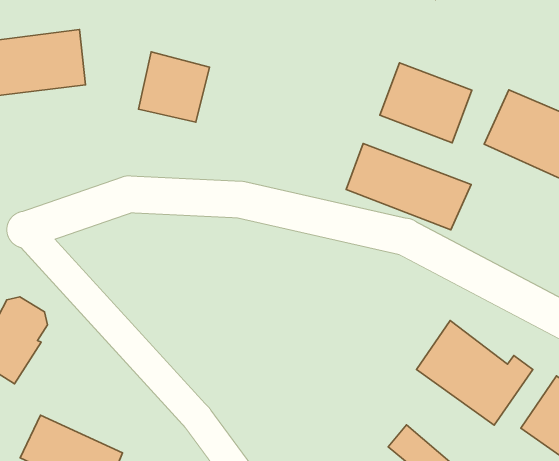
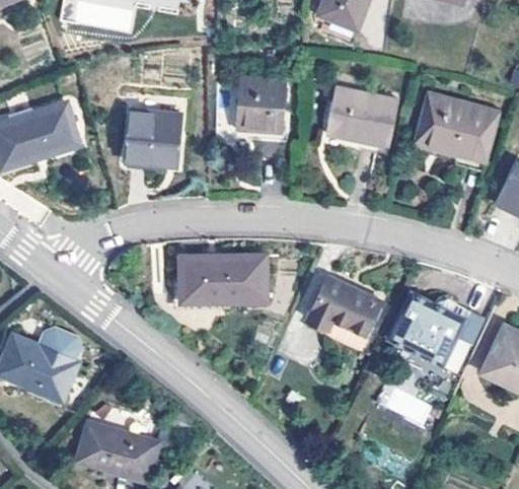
building: none -> [236,79,288,134]
building: [346,144,471,230] -> none
building: none -> [179,252,267,303]
building: none -> [305,275,381,351]

